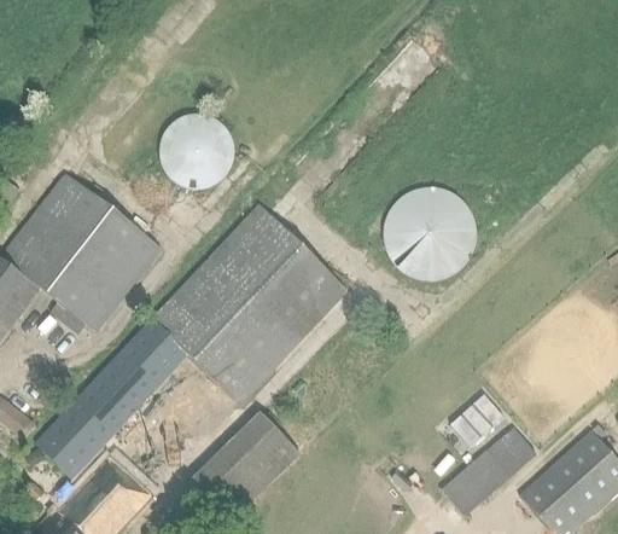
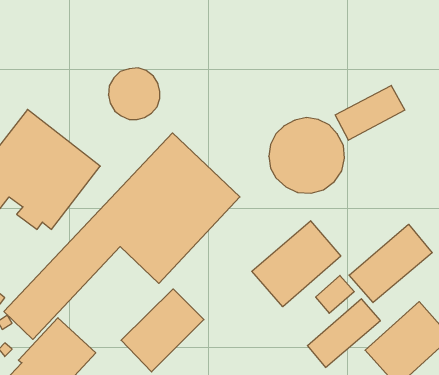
building: none -> [335,85,405,140]
building: none -> [252,221,341,307]
building: none -> [349,224,432,303]

